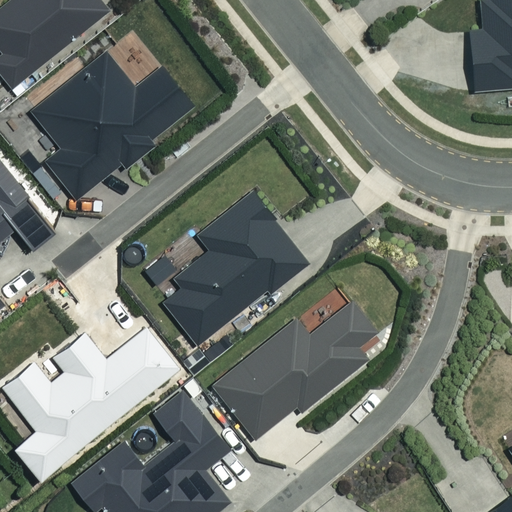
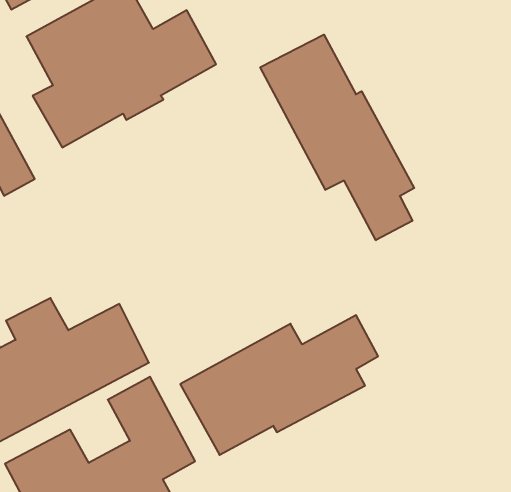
building: none -> [260,35,414,240]
building: [161,188,307,348] -> none

